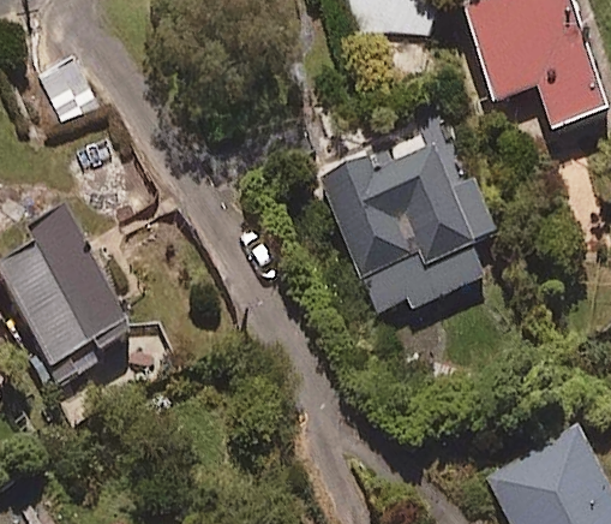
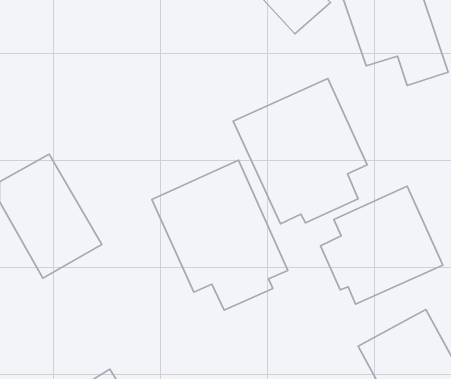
building: none -> [152,160,288,310]
building: none -> [320,186,443,304]

